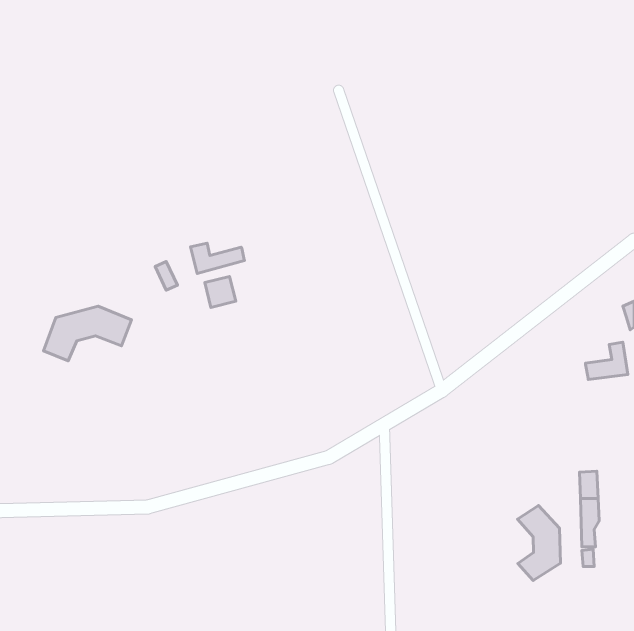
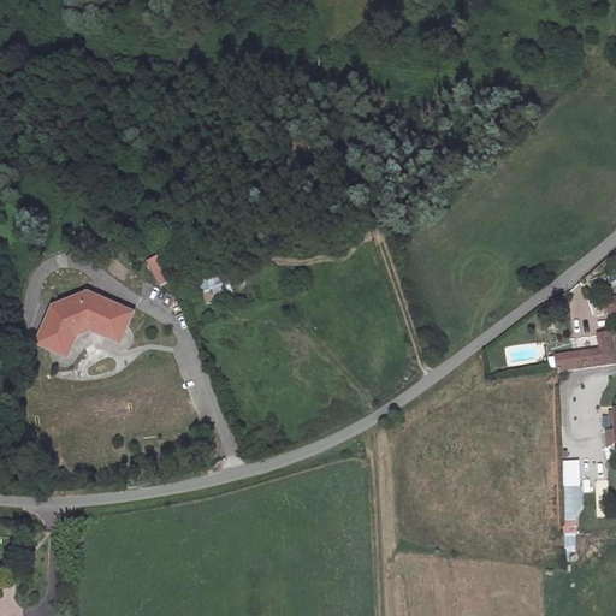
building: [190,243,245,273] -> none
building: [517,506,561,580] -> none

